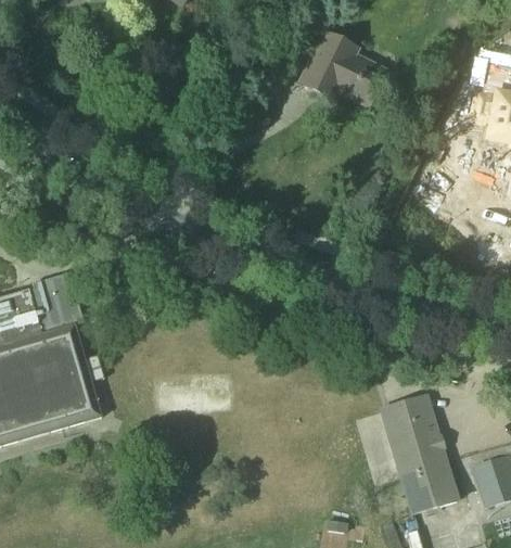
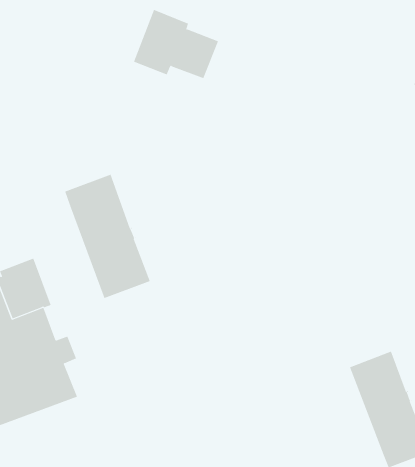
building: [297,31,386,106] -> [133,9,219,79]
building: none -> [64,174,151,299]

